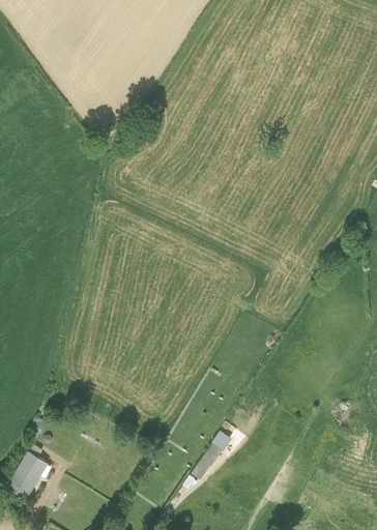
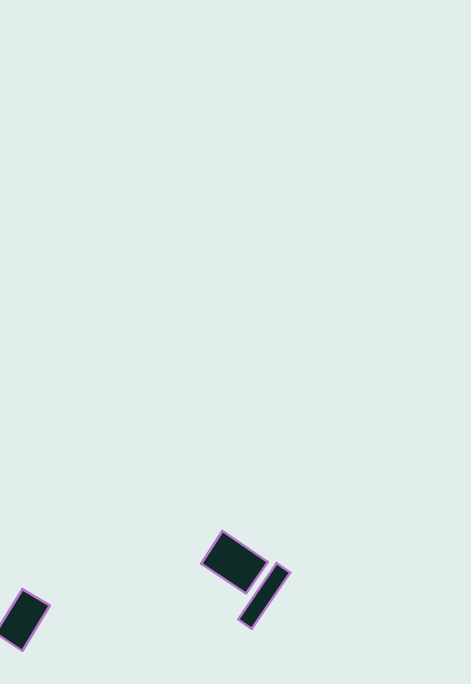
building: none -> [201,531,268,593]

